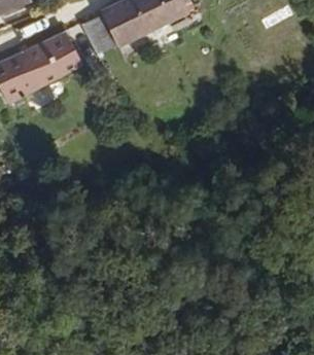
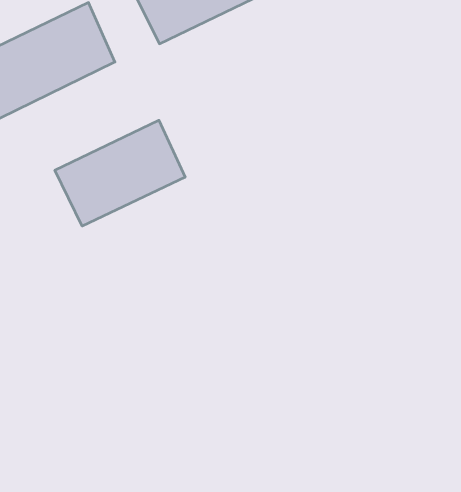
building: none -> [55,120,185,226]

